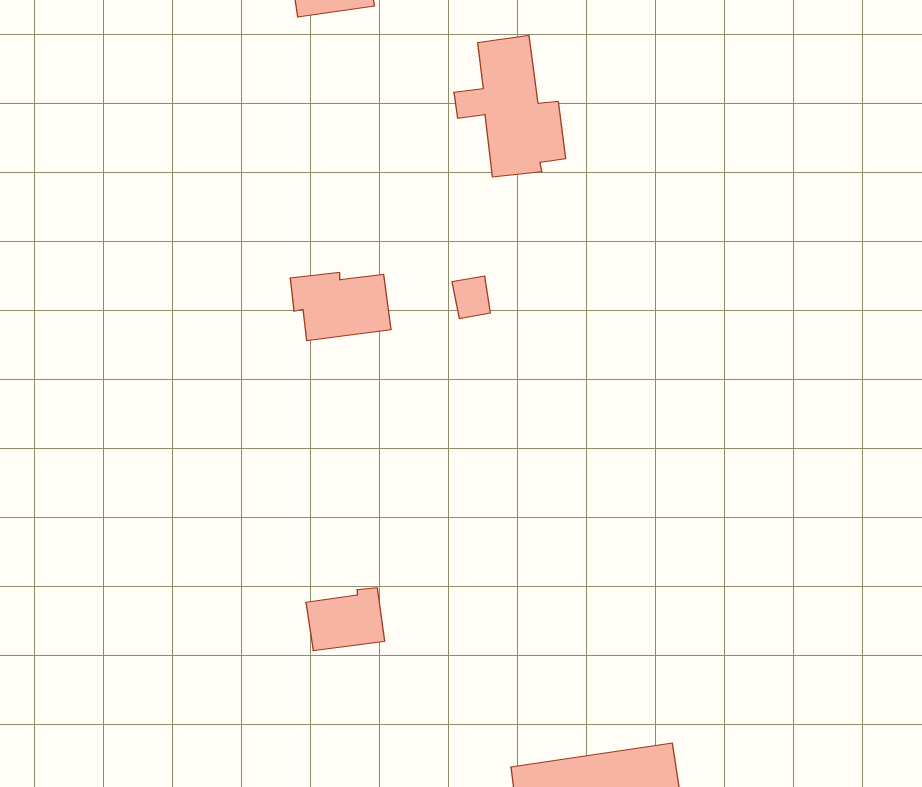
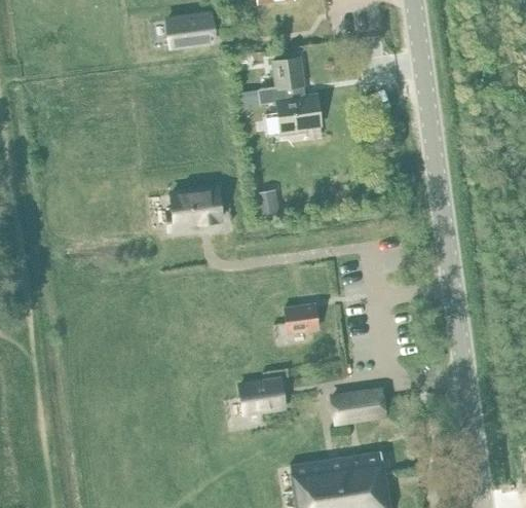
building: none -> [284,303,320,333]
building: [306,588,385,650] -> [240,376,285,411]
building: none -> [335,390,386,421]

